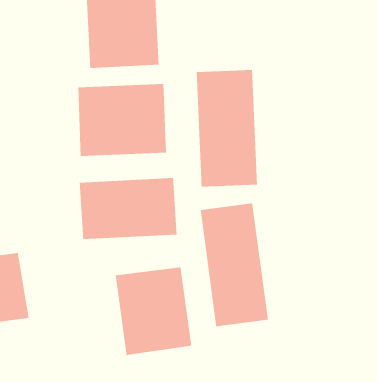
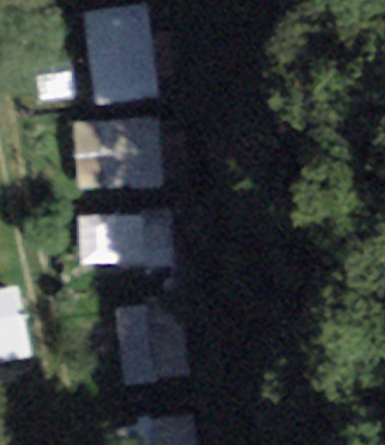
building: [196,69,258,187] -> none
building: [200,202,269,327] -> none

